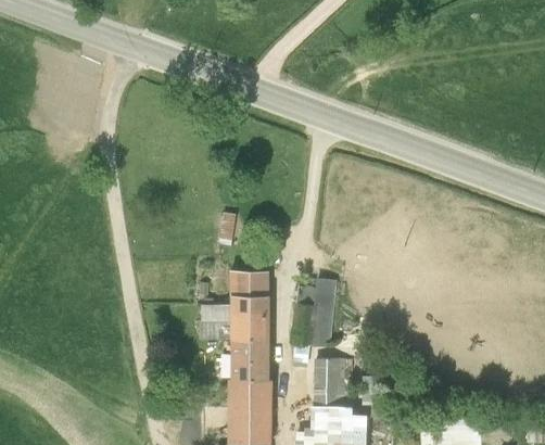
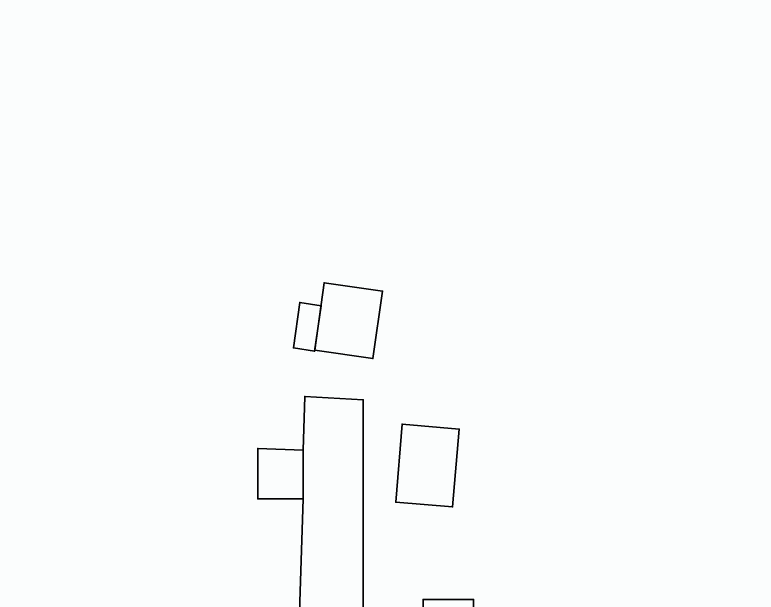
building: none -> [315,283,382,358]
building: [315,364,344,410] -> none

